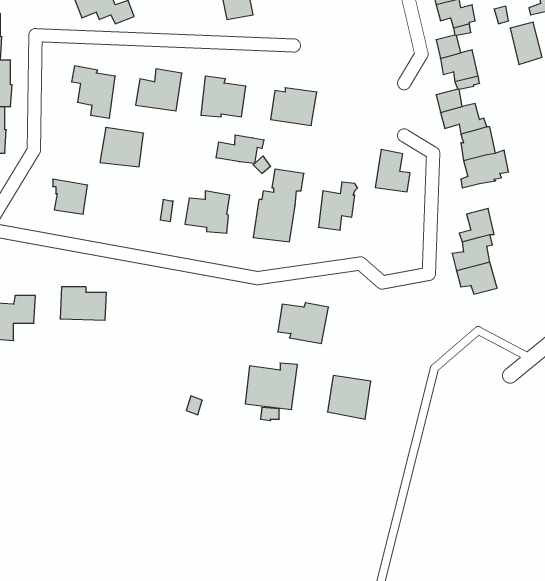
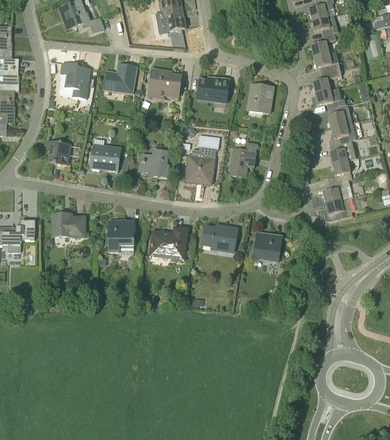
building: [100,127,144,167] -> [90,143,120,170]
building: [216,135,264,164] -> none
building: [375,150,410,192] -> [247,83,271,112]
building: none -> [329,141,356,164]
building: none -> [109,220,133,252]
building: [245,363,297,410] -> [150,229,186,261]
building: [327,376,371,419] -> [252,232,282,262]

